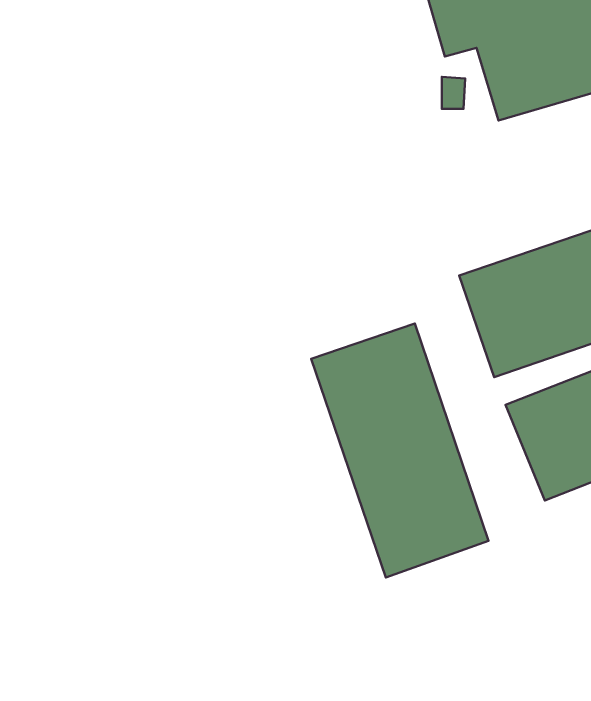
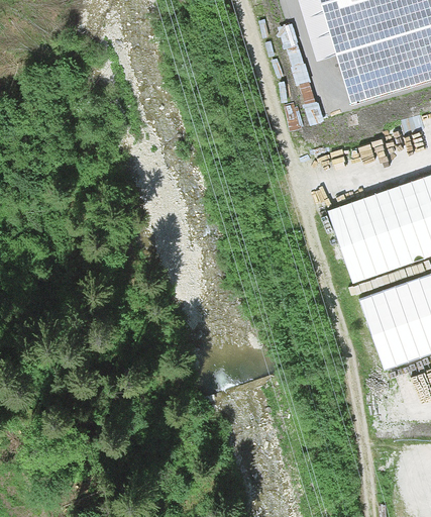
building: [311,323,488,578] -> none

